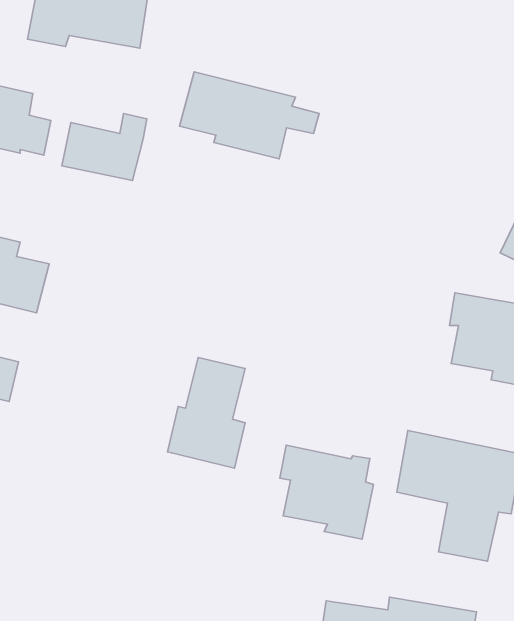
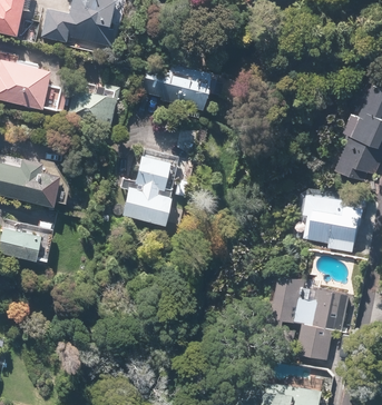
building: [167,358,245,468] -> [121,156,169,224]
building: [280,445,374,539] -> none

